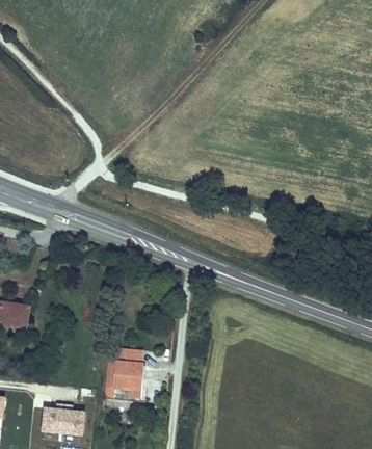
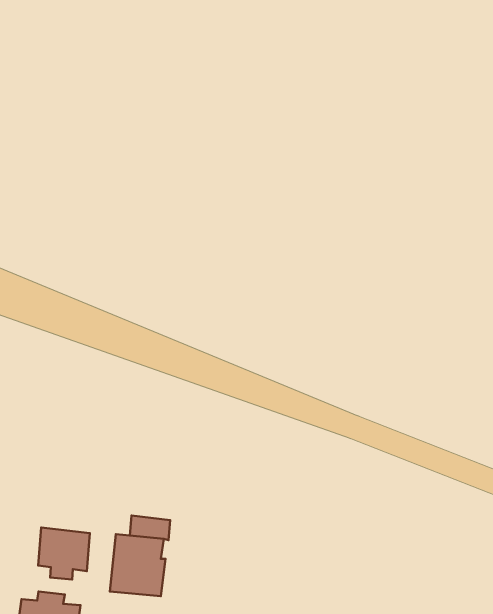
building: none -> [38,528,90,580]

